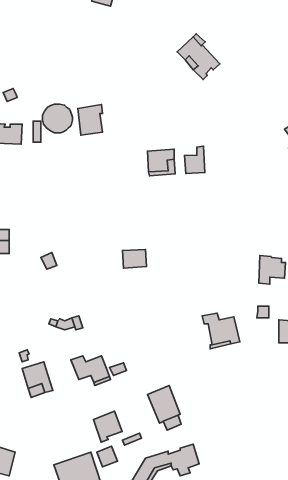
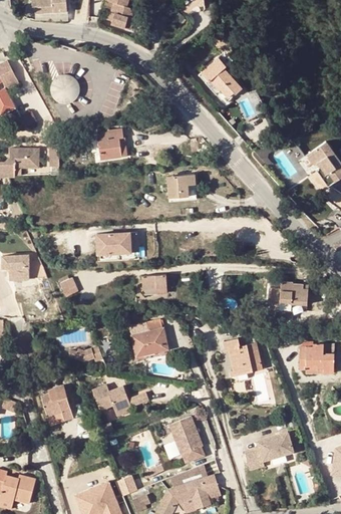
building: [43,104,72,133] -> [50,75,80,104]
building: [185,146,205,173] -> none
building: none -> [95,227,132,248]
building: none -> [129,320,167,357]
building: none -> [246,431,295,469]
building: [93,411,122,442] -> none

